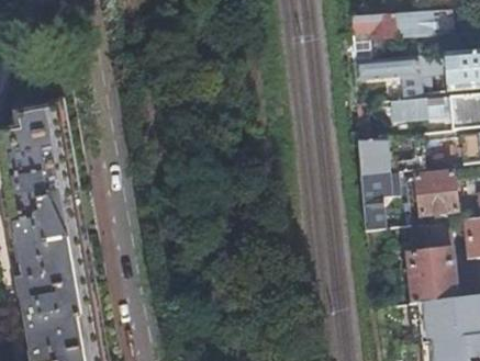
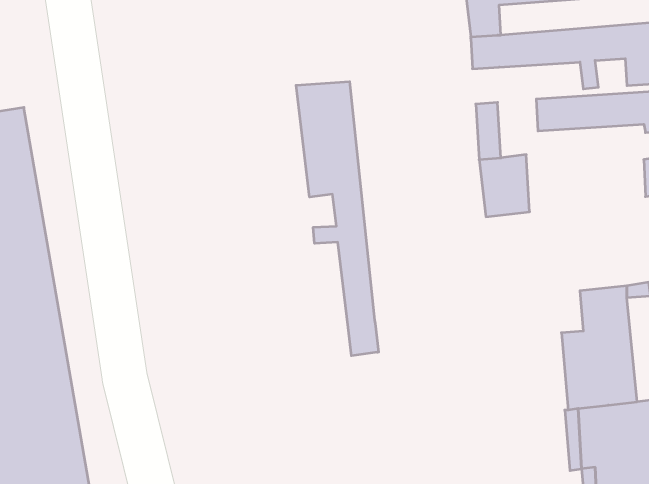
building: none -> [296,82,379,356]
building: [359,173,399,233] -> none
building: [415,173,459,216] -> none

